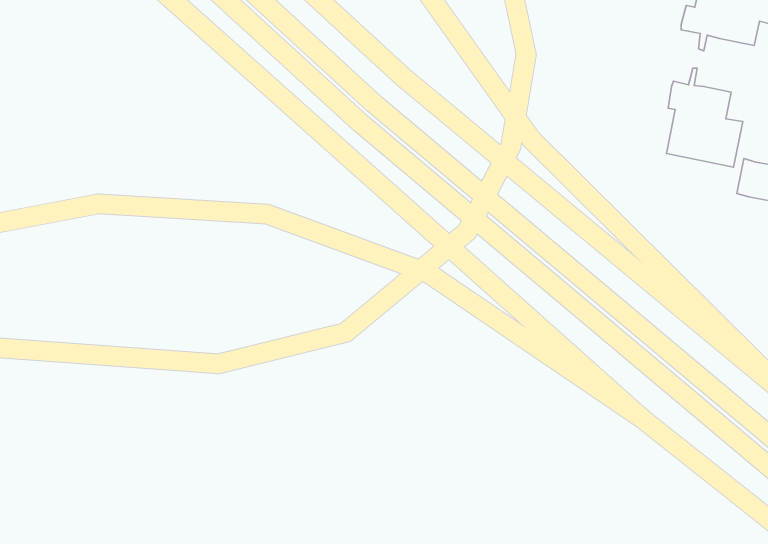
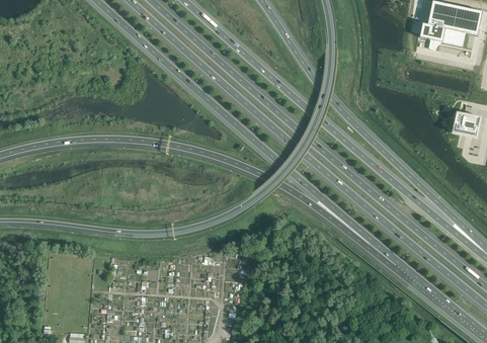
building: [667,68,743,167] -> none

